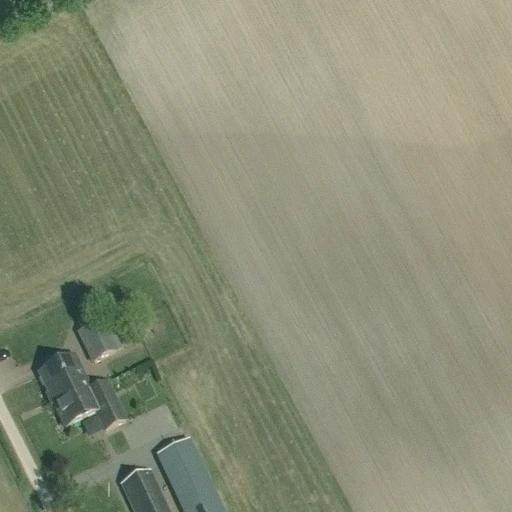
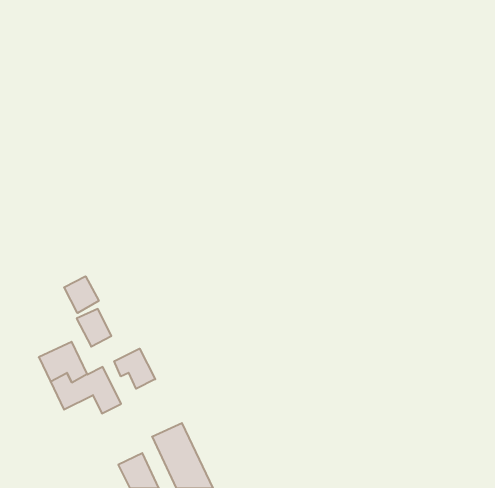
building: none -> [64,276,99,313]
building: none -> [114,349,155,389]

